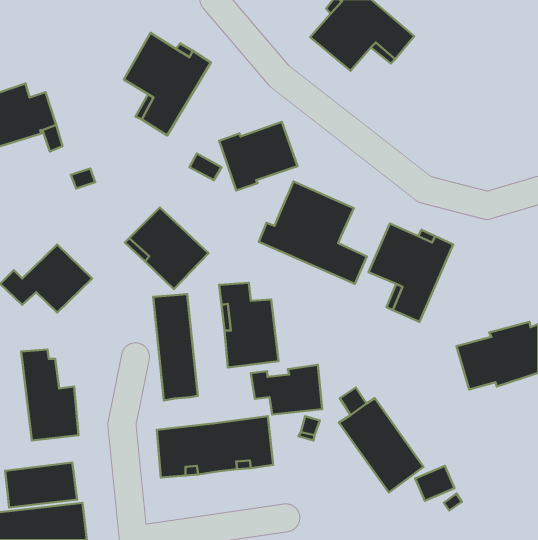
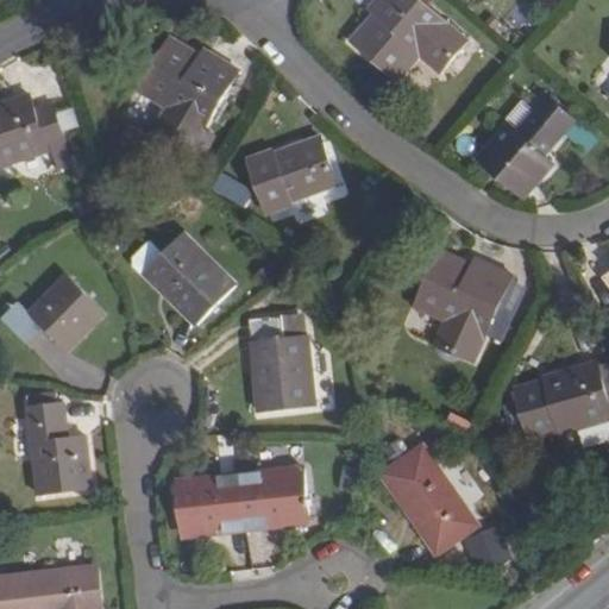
building: none -> [477,96,573,197]
building: [259,182,367,284] -> none
building: [153,294,198,401] -> none
building: [251,365,322,414] -> none
building: [5,463,77,508] -> none

